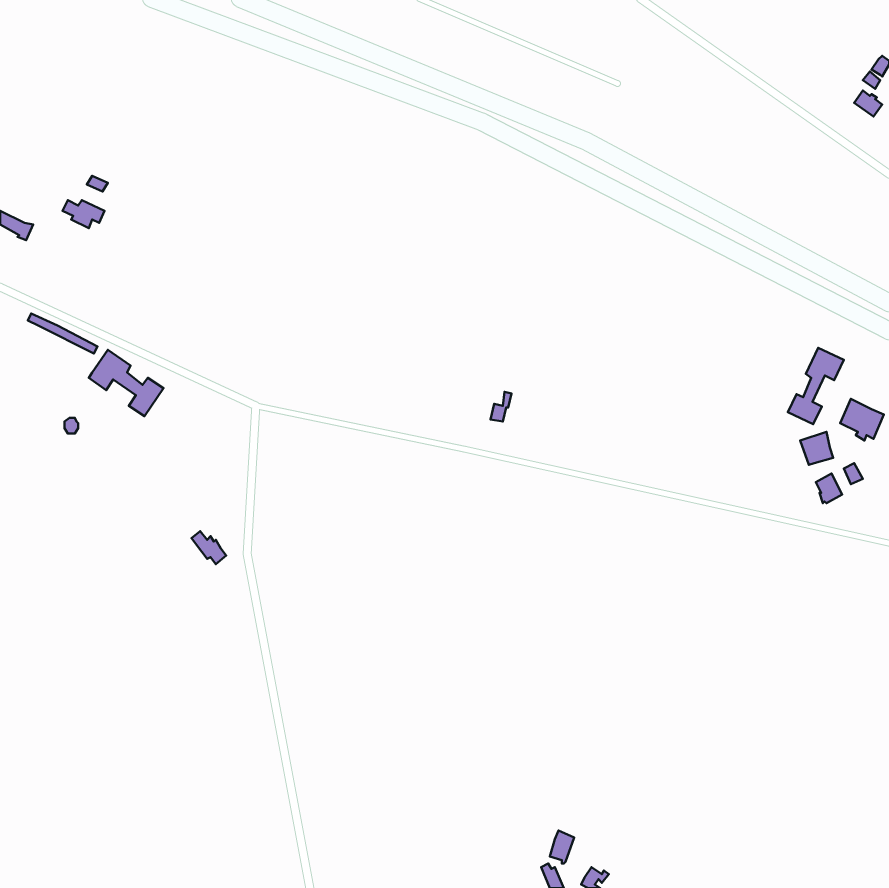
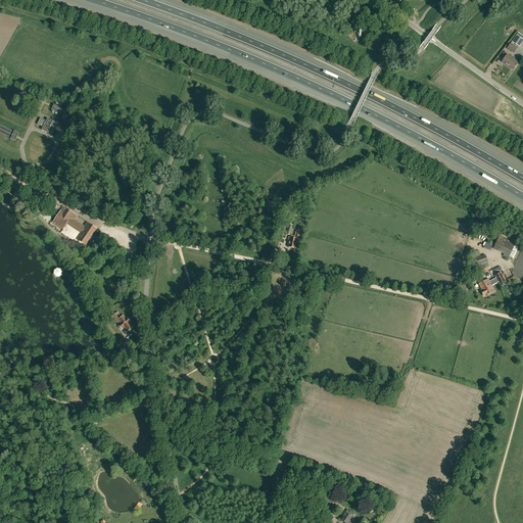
building: [788,348,844,424] -> none

